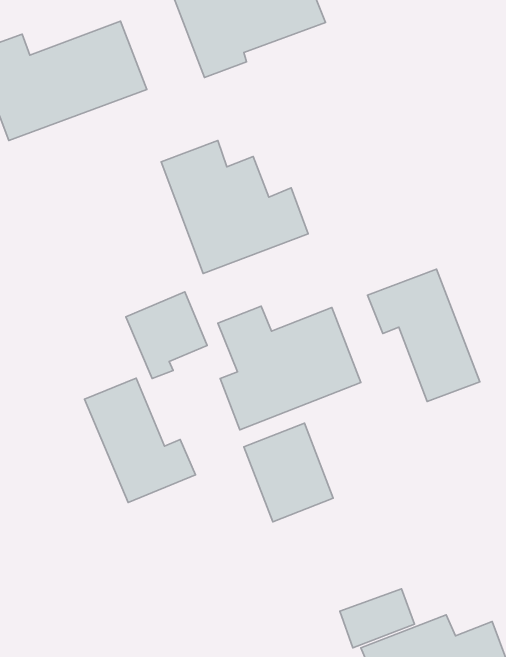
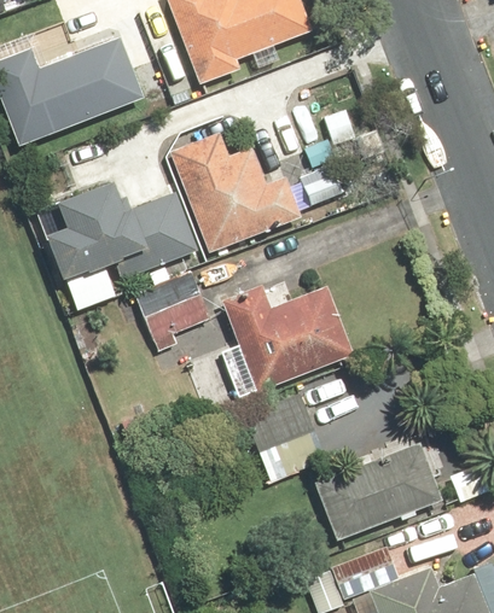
building: none -> [47,179,193,279]
building: [368,269,480,402] -> none
building: [85,378,195,502] -> none
building: none -> [307,454,430,549]

